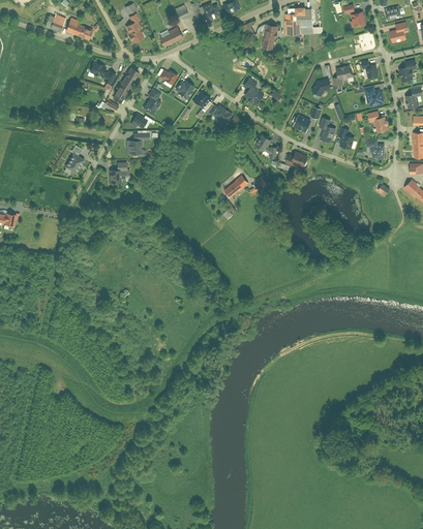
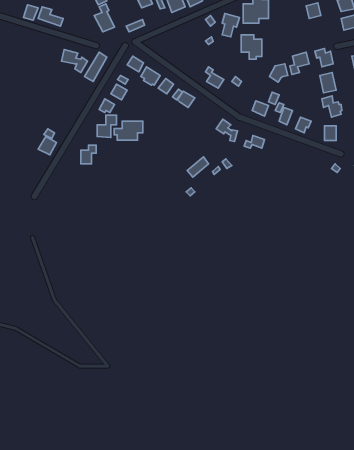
building: none -> [241,35,262,59]
building: none -> [114,121,143,140]

